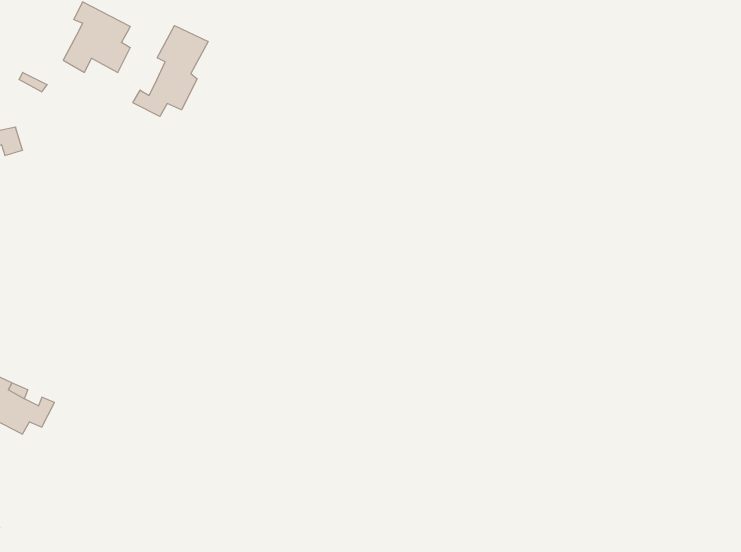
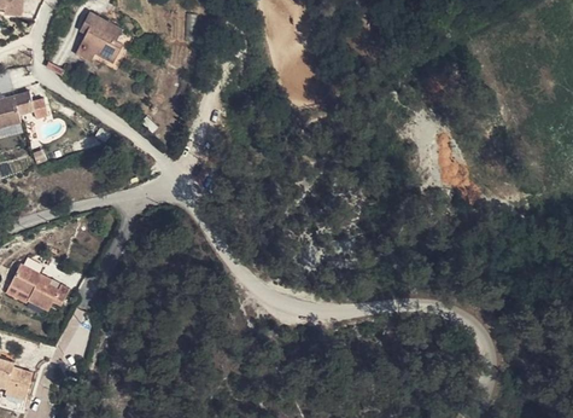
building: [133,26,208,116] -> none

